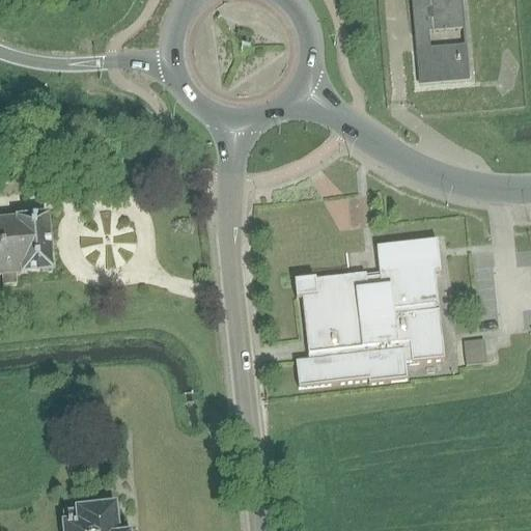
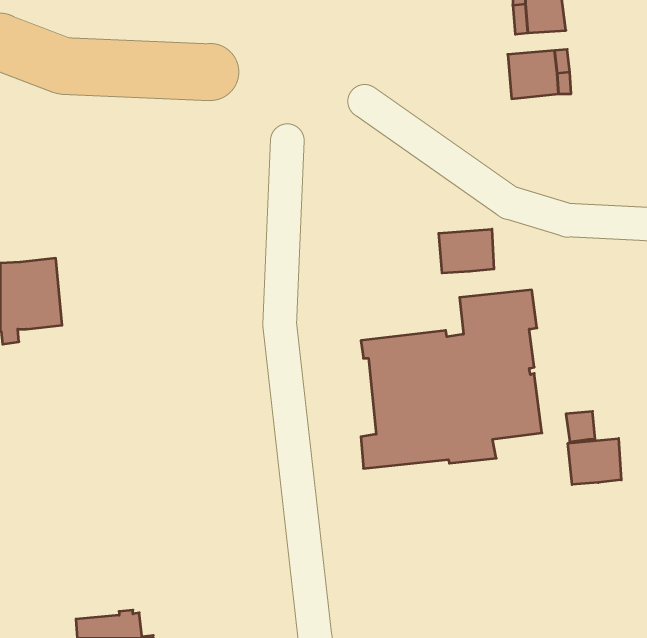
building: none -> [439,229,494,273]
building: none -> [568,438,621,485]

